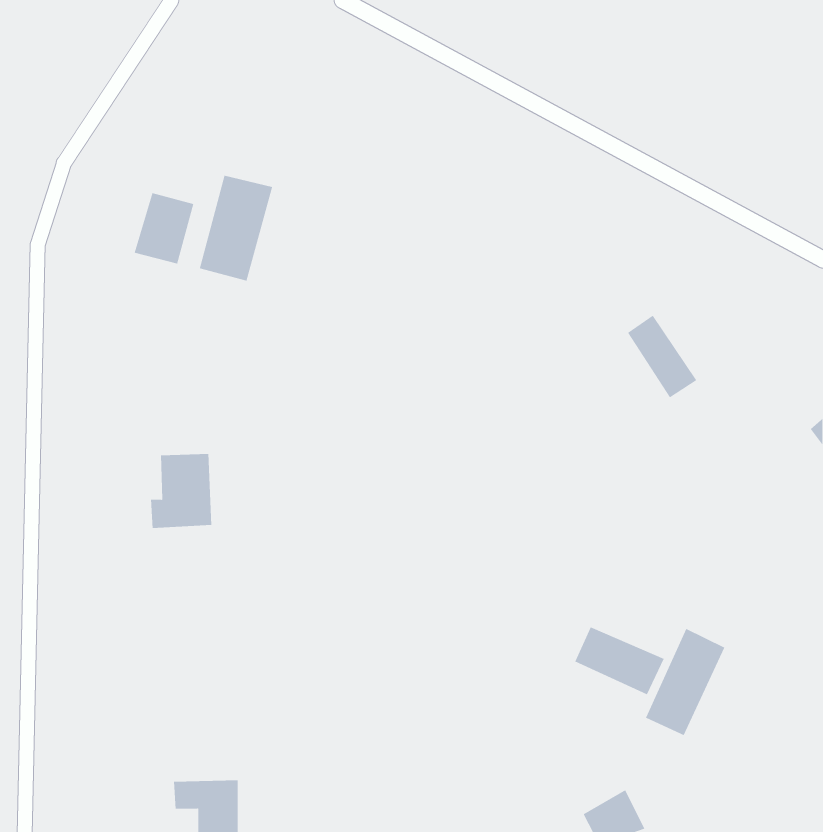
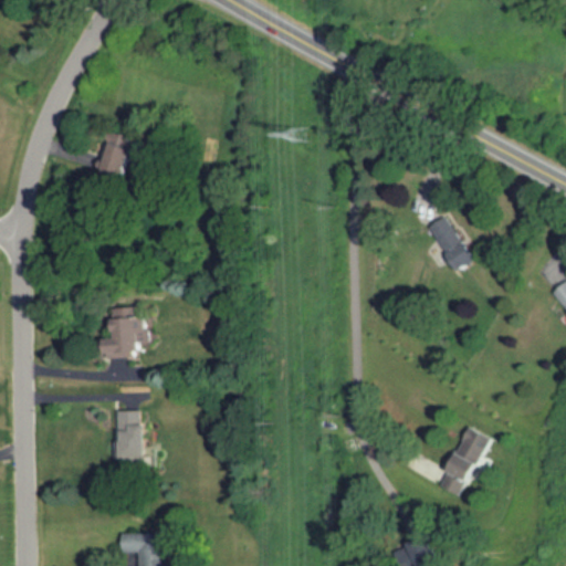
building: [199,175,273,282] -> none
building: none -> [115,412,147,469]
building: [574,626,664,695] -> none

